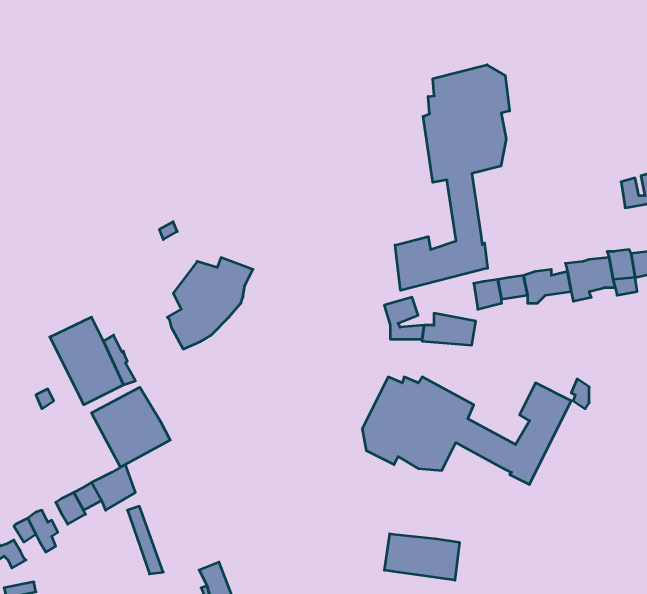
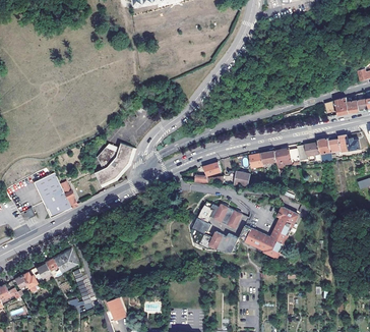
building: [395,65,510,290] -> none
building: [92,387,170,467] -> none
building: [384,534,459,580] -> none

